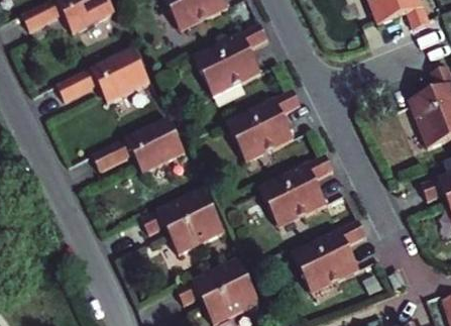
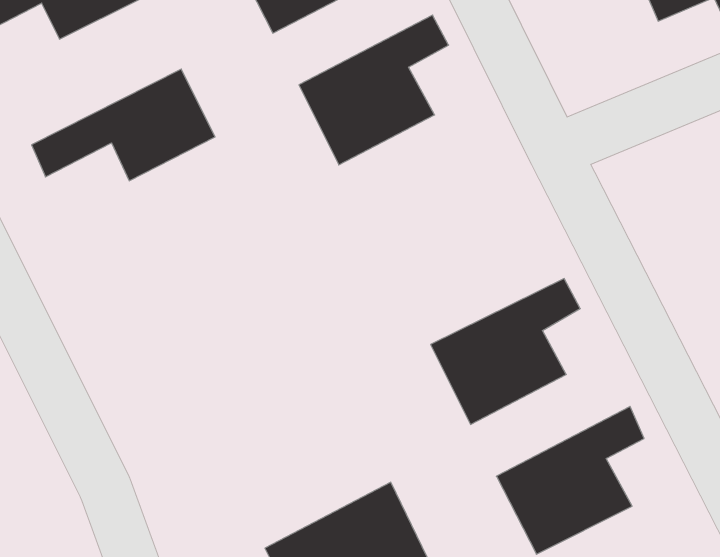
building: [227,86,303,159] -> none
building: [93,117,187,173] -> none
building: [142,186,226,253] -> none

